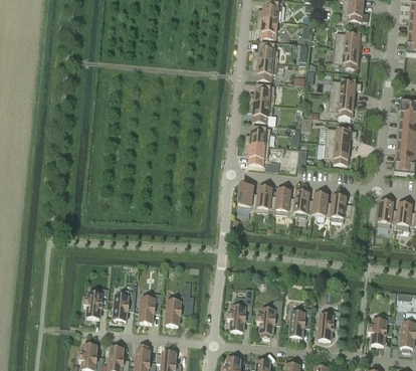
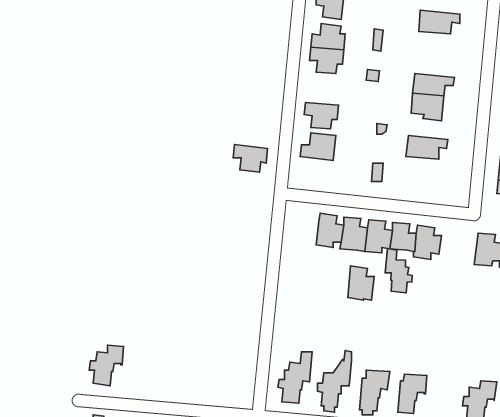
building: [333,47,359,67] -> none
building: [248,83,275,104] -> none
building: [243,143,269,164] -> [233,145,268,172]
building: [324,143,350,163] -> none
building: [238,184,258,210] -> [348,266,374,300]
building: none -> [385,248,412,293]
building: [114,289,136,320] -> none
building: [140,292,162,323] -> none
building: [166,294,194,325] -> none

